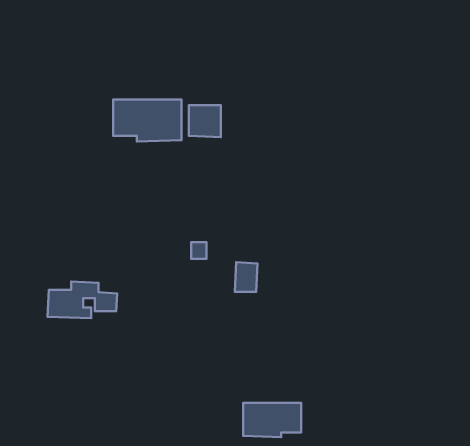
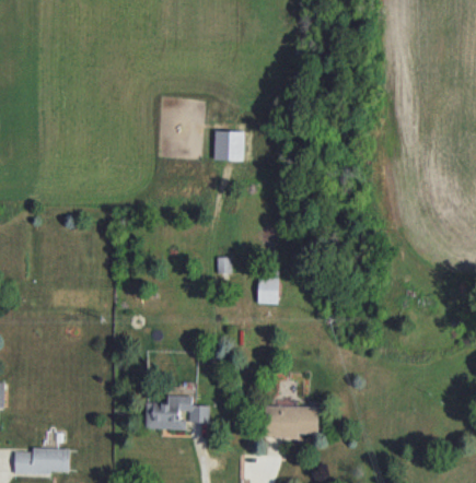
building: [113,100,181,142] -> none
building: [48,282,117,318] -> [146,396,210,429]

